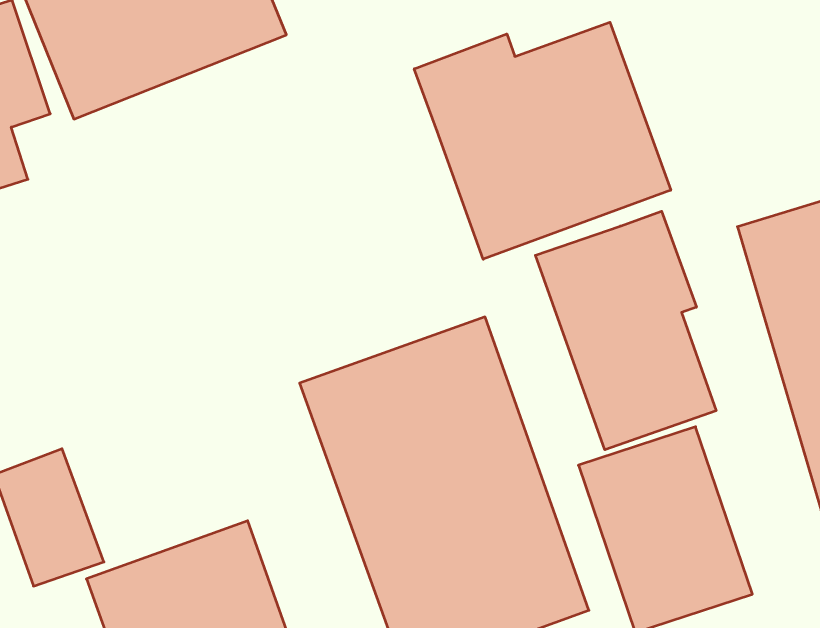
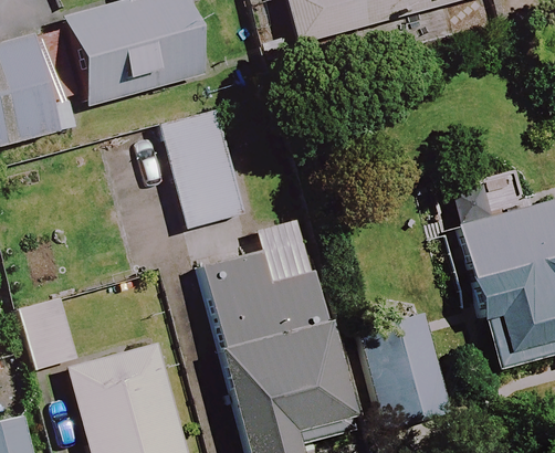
building: [414,22,671,259] -> none
building: none -> [159,108,243,233]
building: [535,211,716,450] -> none

